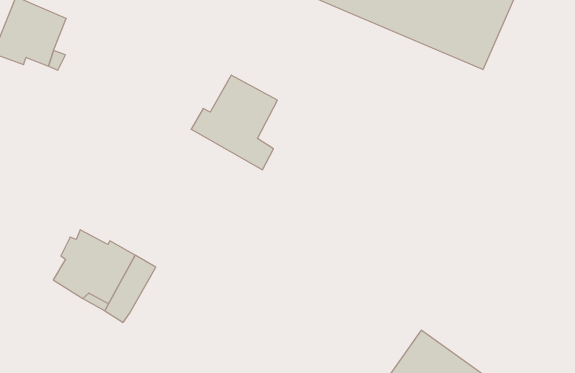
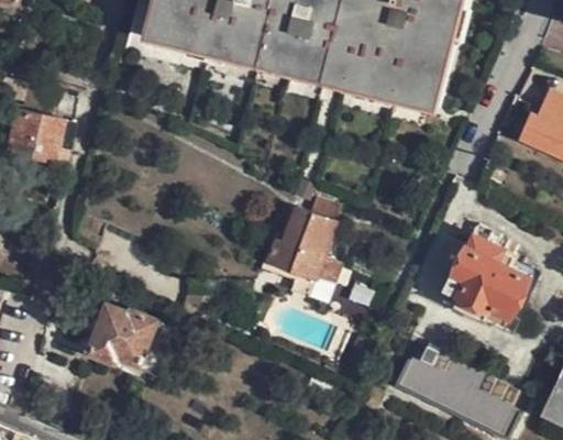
building: [191,75,277,170] -> [267,206,342,284]
building: none -> [452,233,532,331]

